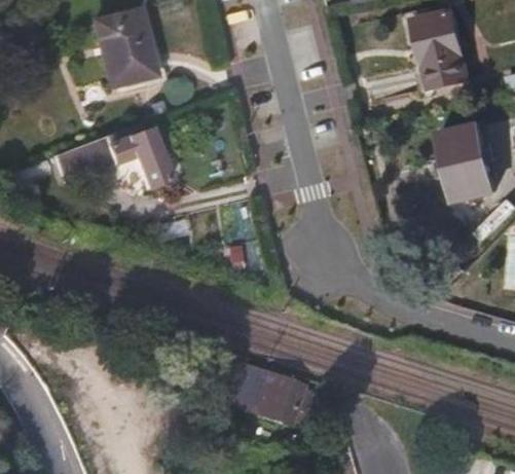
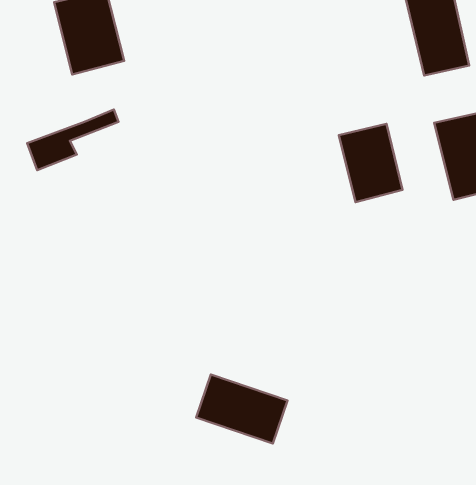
building: [106,132,169,189] -> none
building: none -> [339,124,403,202]

